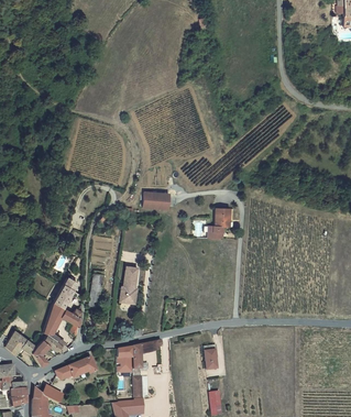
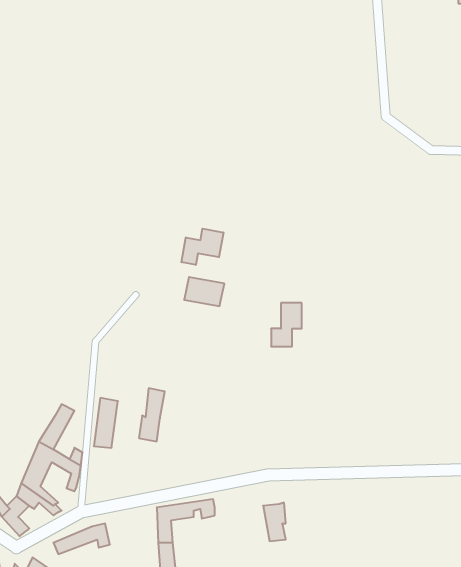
building: none -> [181,229,223,265]

